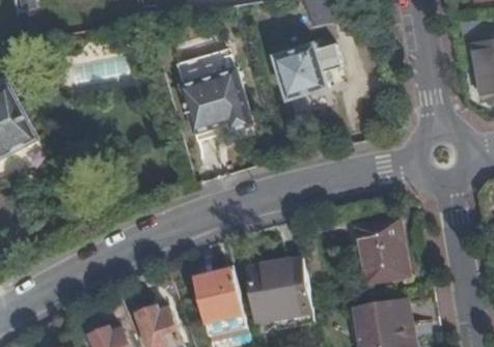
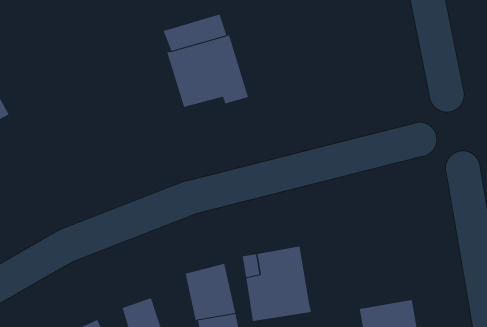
building: [275,38,344,95] -> none
building: [354,222,407,284] -> none

